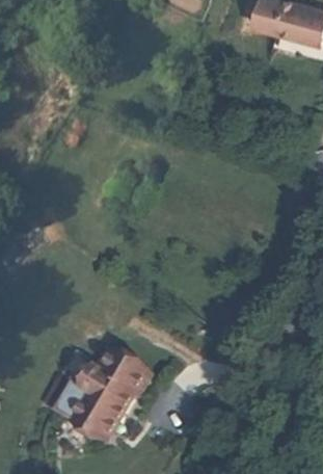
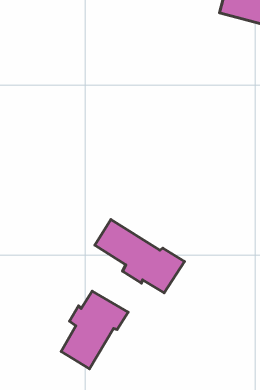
building: none -> [95,219,185,293]

